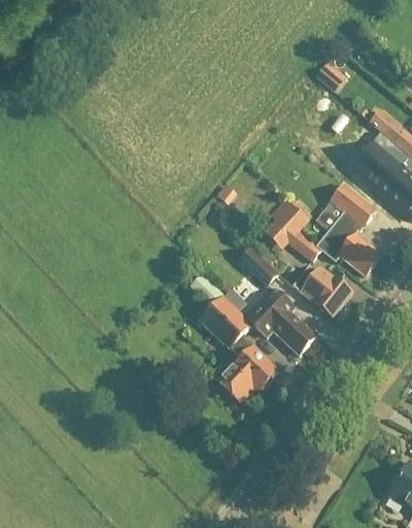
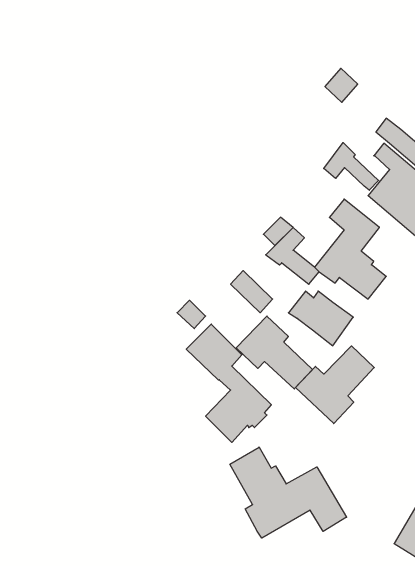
building: none -> [324,143,379,190]
building: none -> [295,346,374,424]
building: none -> [230,447,347,538]

